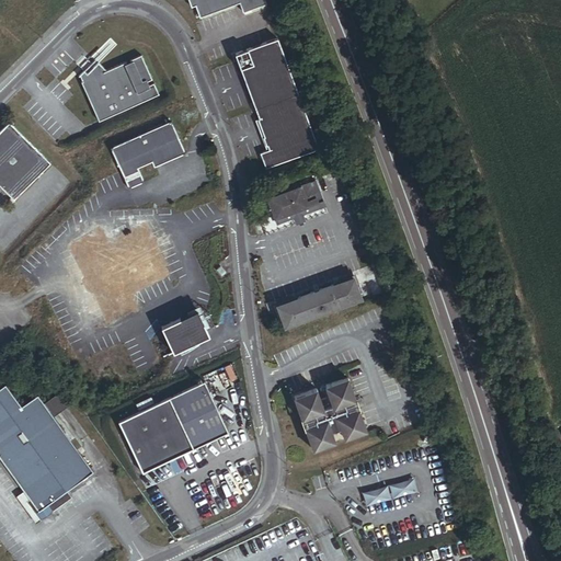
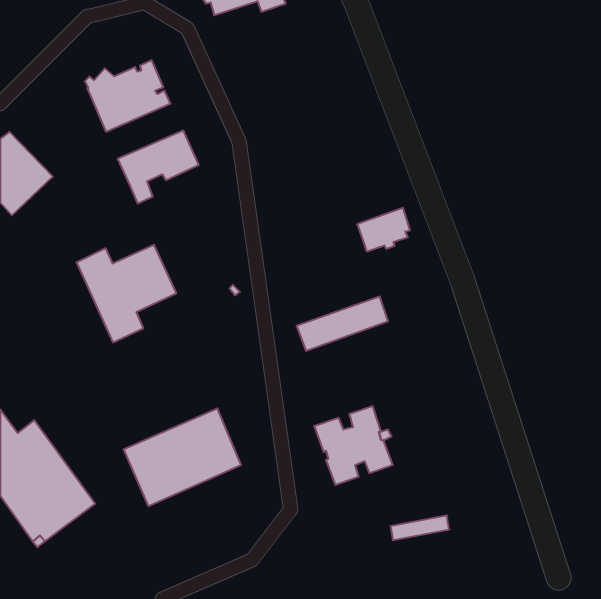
building: [234,38,319,170] -> none
building: [267,182,317,222] -> [357,208,410,251]
building: [159,311,207,354] -> none

